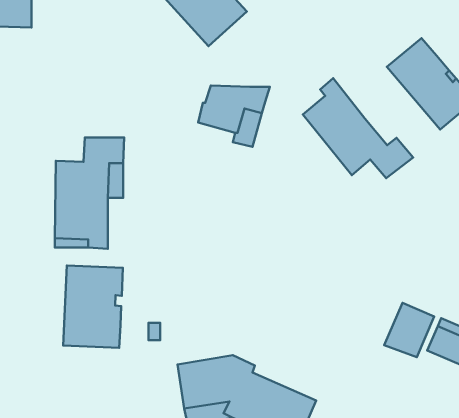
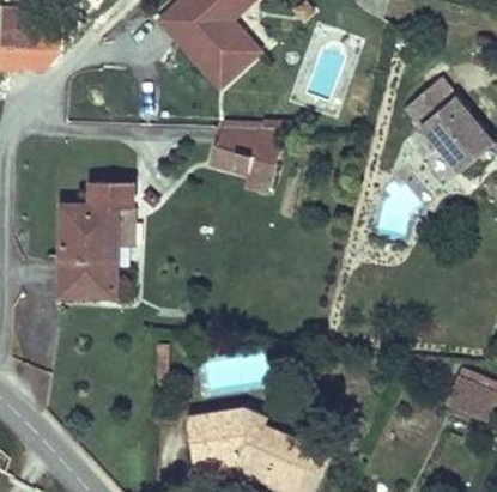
building: [303,78,413,178] -> none
building: [63,266,123,348] -> none
building: [384,303,434,357] -> none

